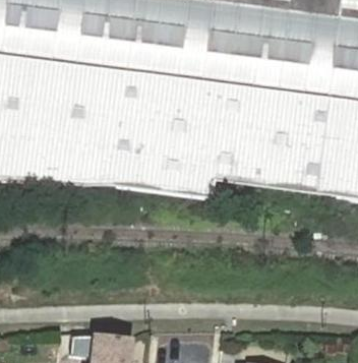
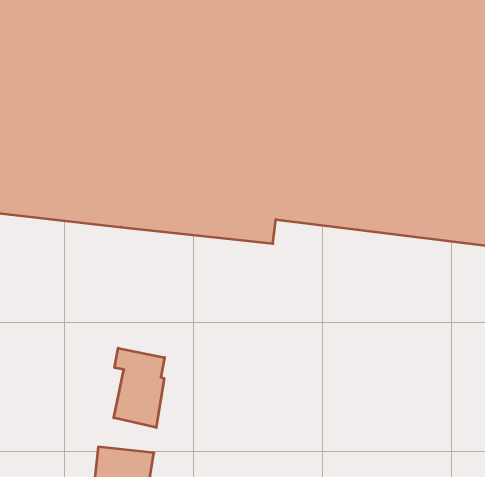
building: none -> [114,348,165,428]

